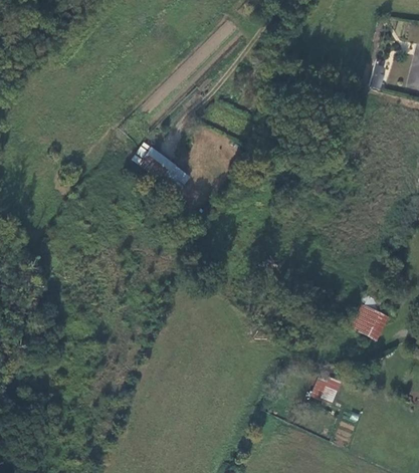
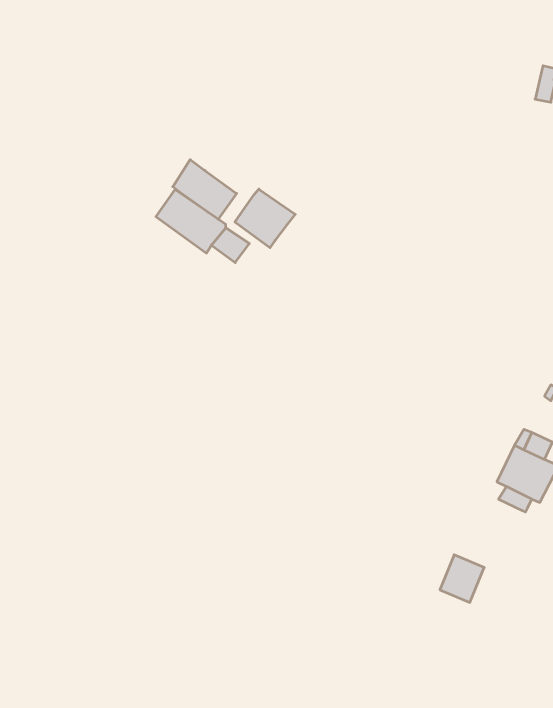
building: none -> [173,160,237,219]
building: none -> [235,189,295,248]

